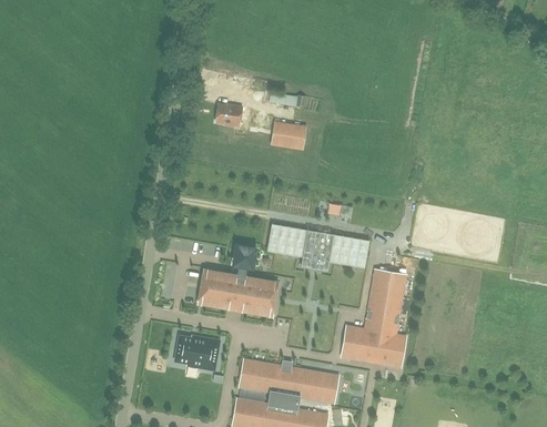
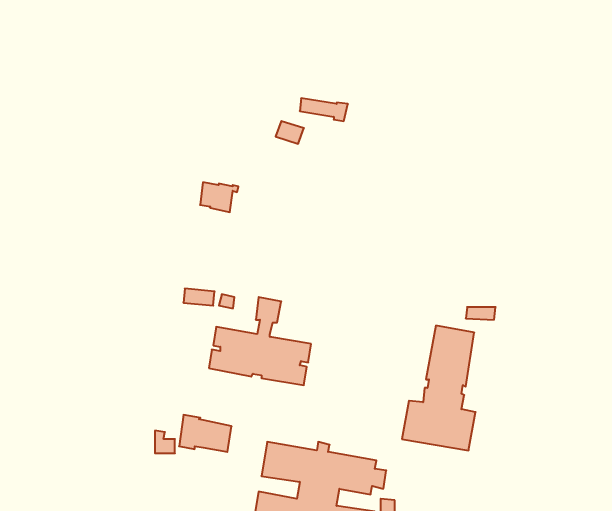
building: [215,103,245,126] -> [200,182,238,212]
building: [271,121,305,149] -> none
building: [266,223,368,270] -> none

